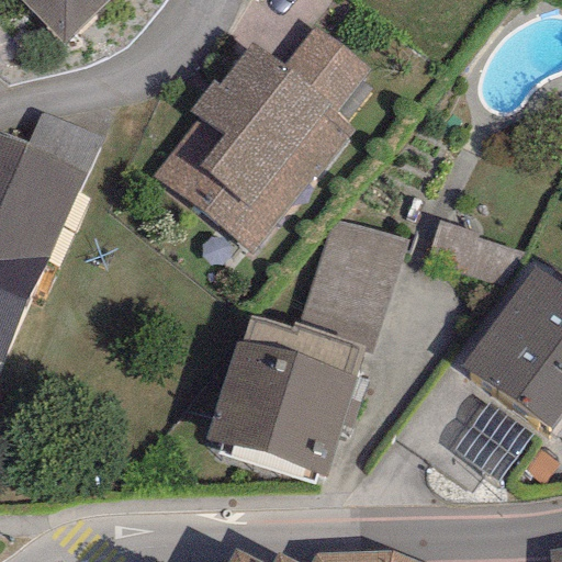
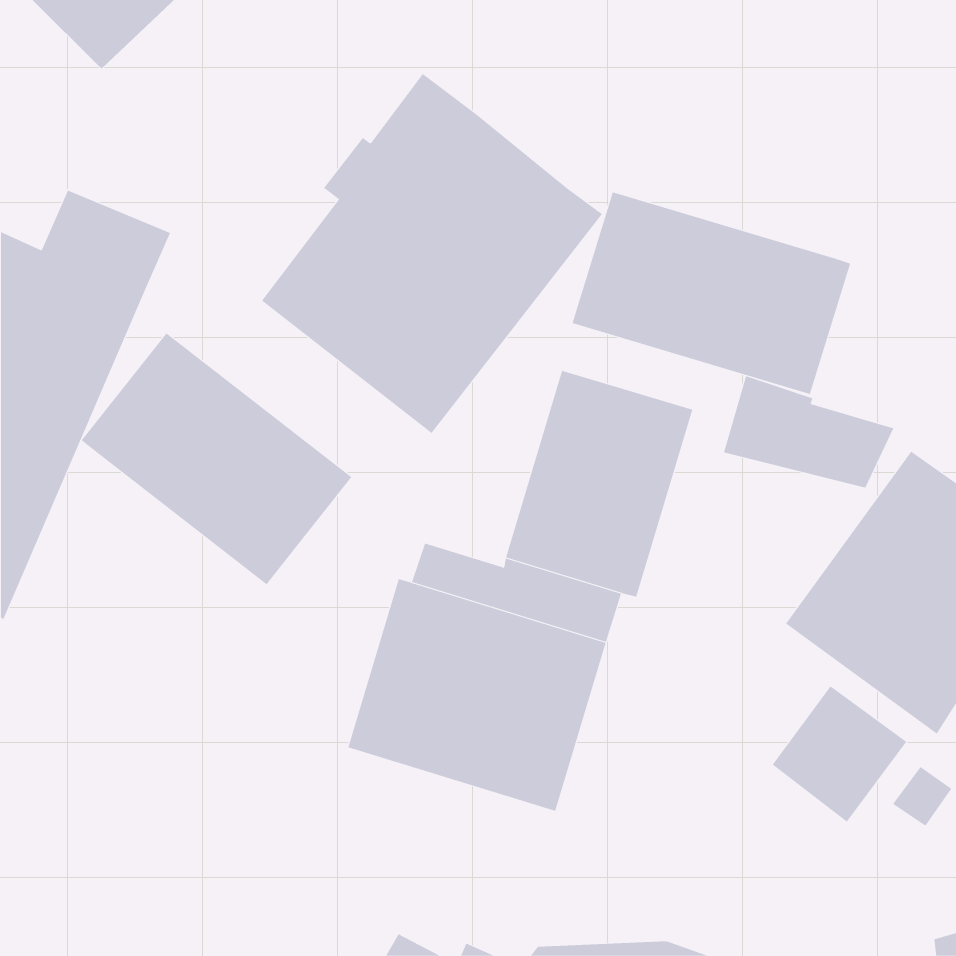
building: [281,24,369,110] -> none
building: none -> [572,191,851,395]
building: none -> [81,333,352,585]

